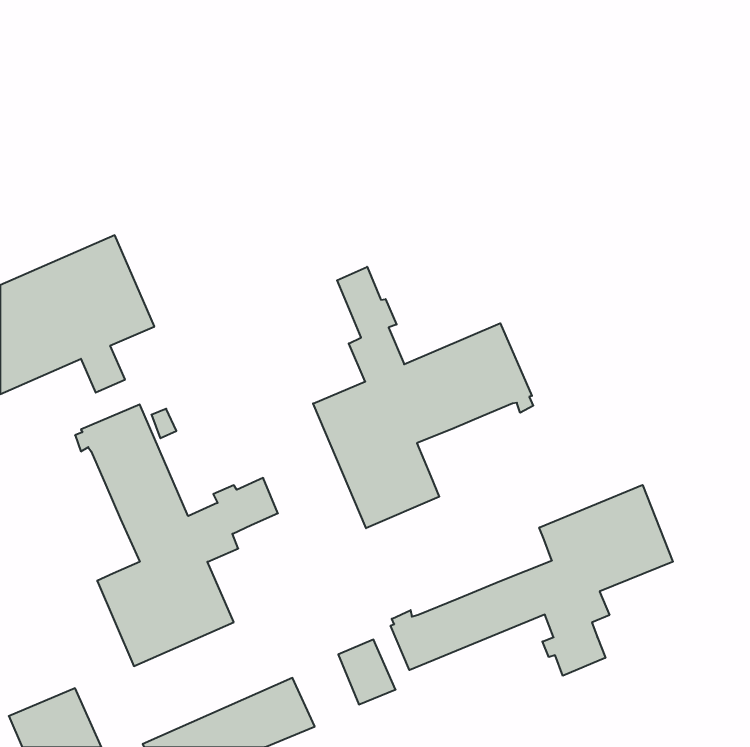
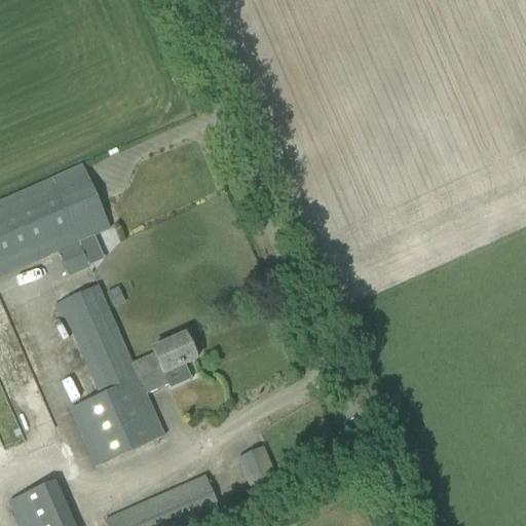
building: [313,267,533,528] -> none
building: [391,485,673,676] -> none

